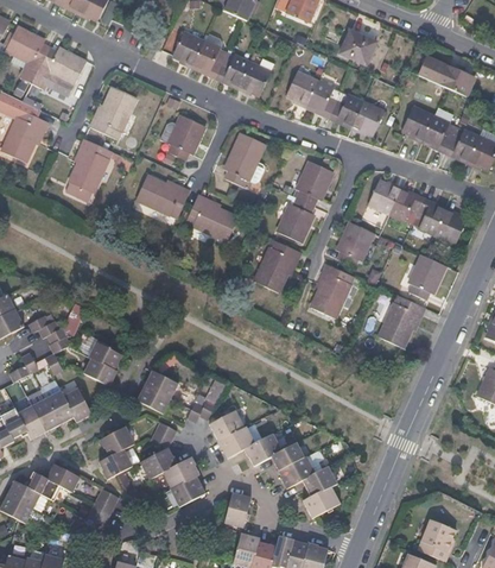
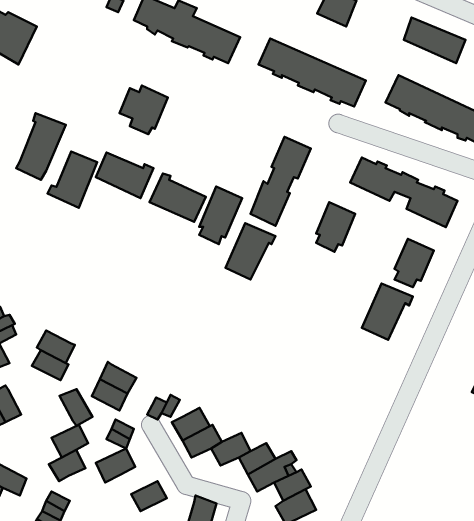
building: [90,89,135,140] -> [47,152,97,208]
building: [226,134,265,187] -> [199,186,242,244]
building: [312,265,355,318] -> none
building: [59,386,89,419] -> [60,389,92,426]
building: [161,455,197,487] -> none

